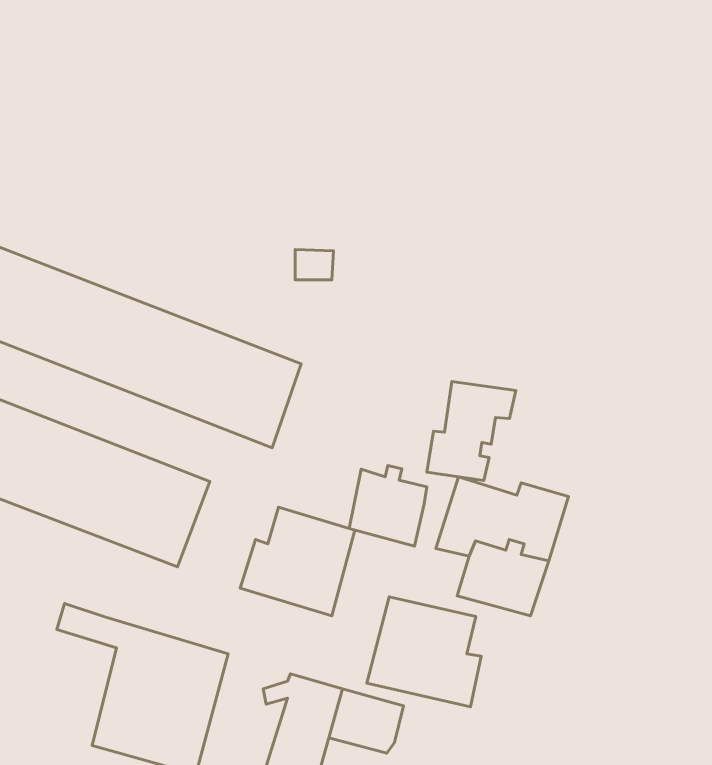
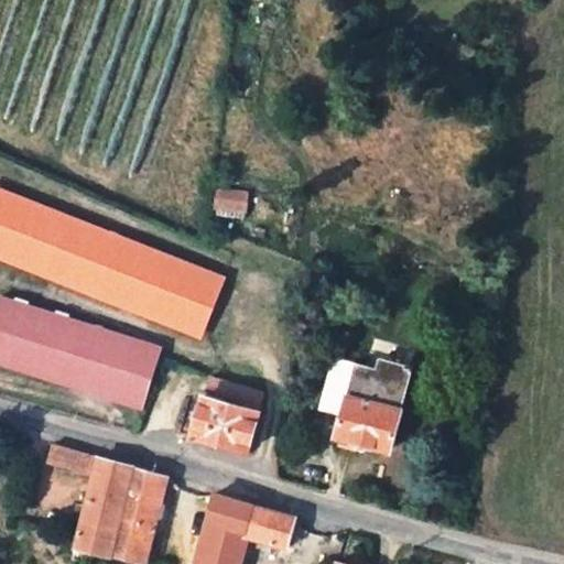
building: [427,381,516,481] -> none
building: [349,466,427,546] -> none
building: [367,597,481,707] -> none

